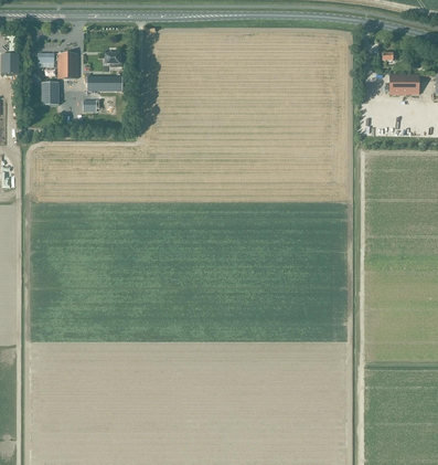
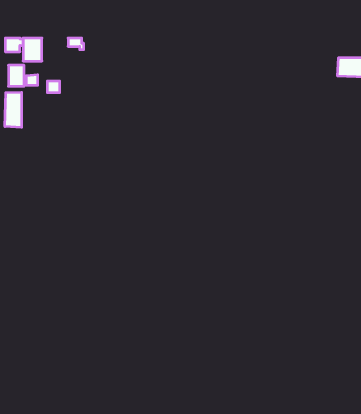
building: [87,75,122,91] -> none
building: none -> [5,92,22,127]

